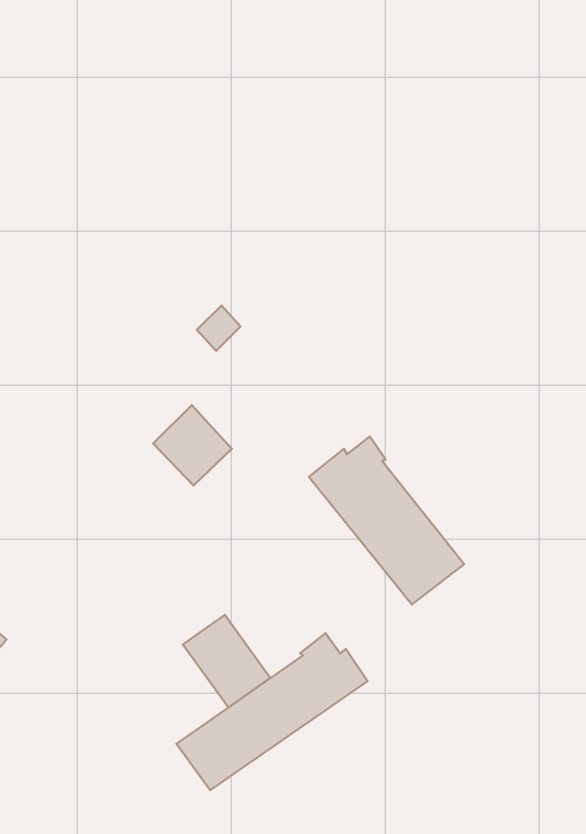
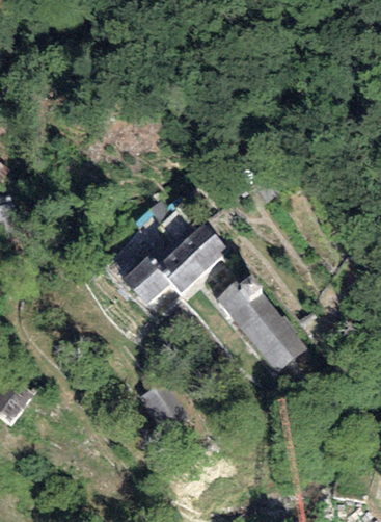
building: none -> [156,224,225,291]
building: [177,633,368,790] -> none

